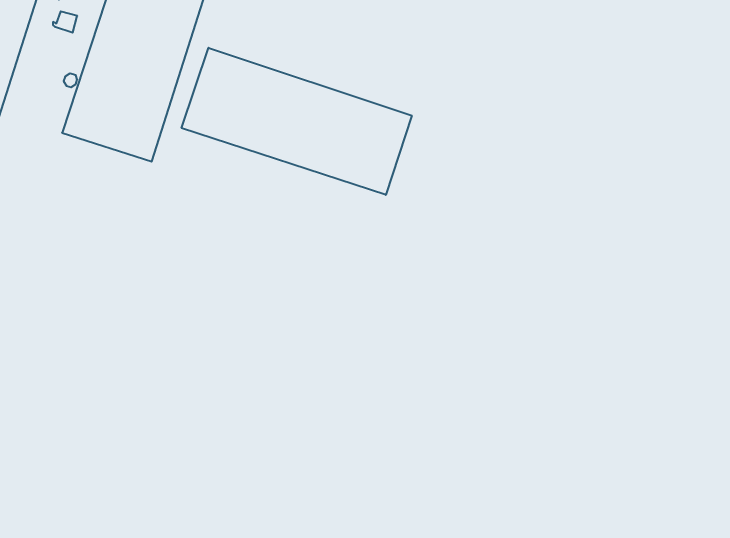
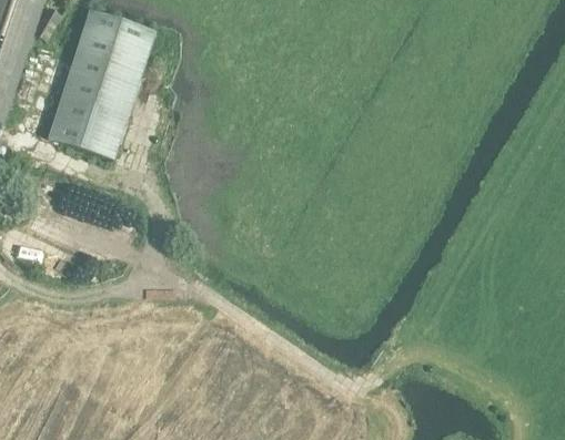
building: [182,48,412,195] -> none

